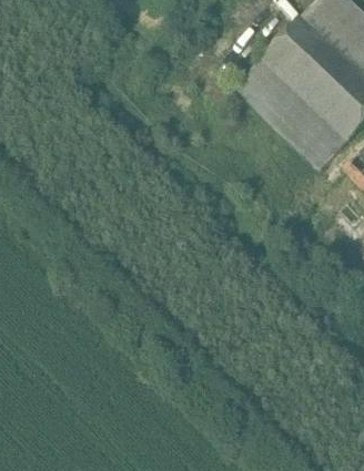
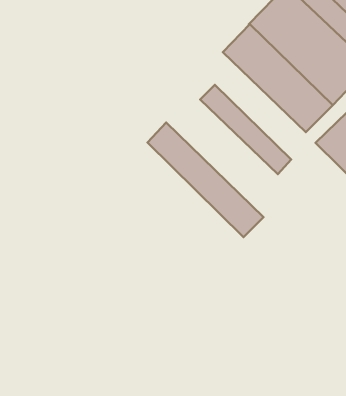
building: none -> [200,85,291,174]
building: none -> [148,123,264,237]

